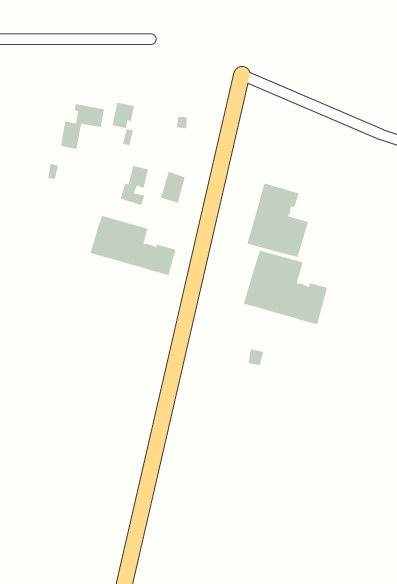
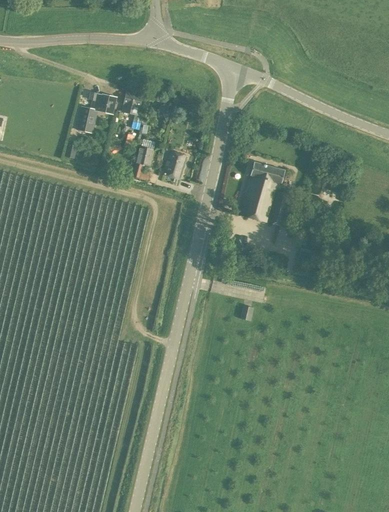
building: [90,215,176,276] -> none
building: [243,250,328,325] -> none

